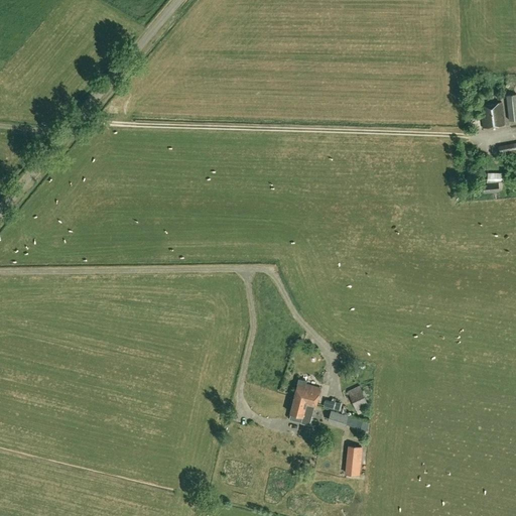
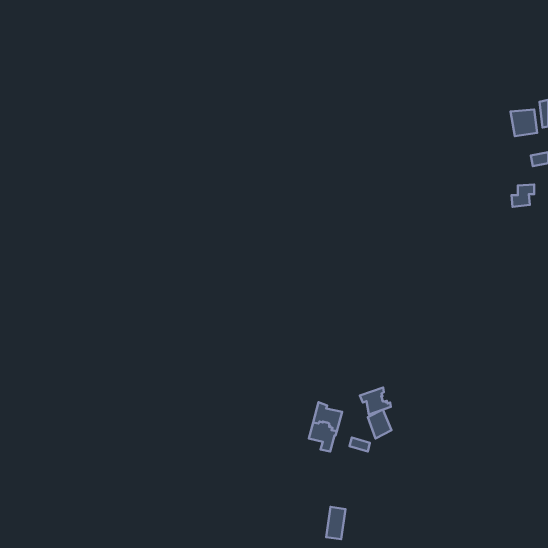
building: none -> [360,388,391,415]
building: [347,441,365,472] -> [326,507,346,539]

